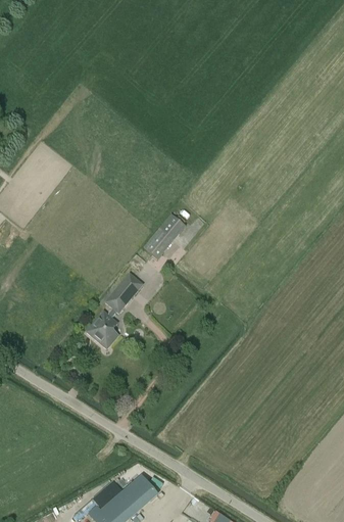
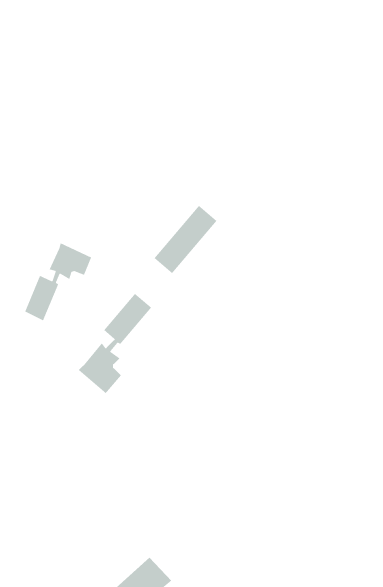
building: none -> [24,242,92,321]

